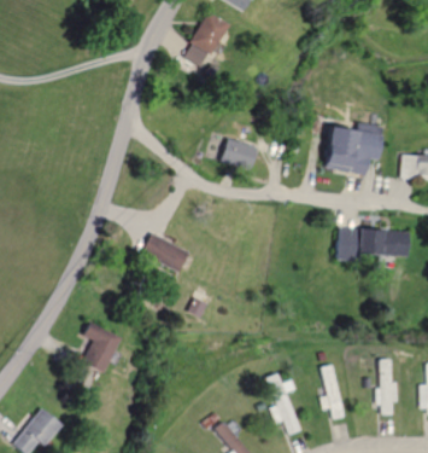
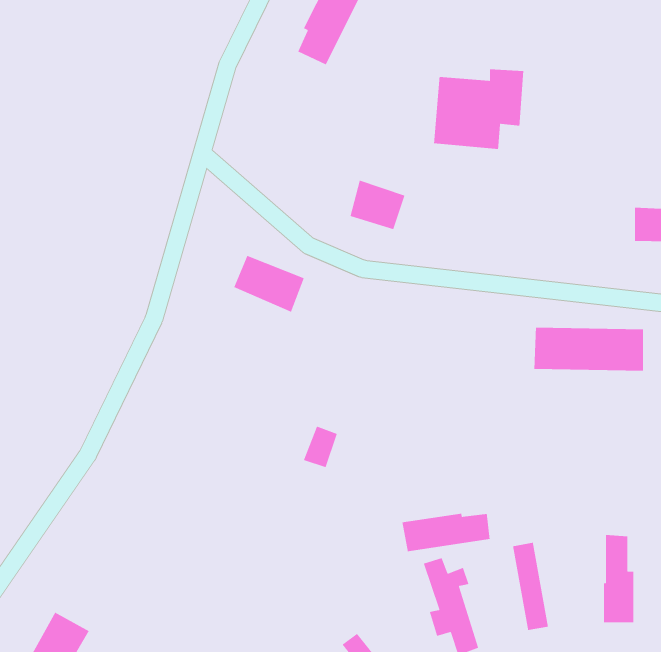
building: [321,123,377,174] -> [433,68,524,150]
building: [142,234,187,271] -> [233,255,305,313]
building: [81,323,118,373] -> none
building: none -> [402,513,491,552]

